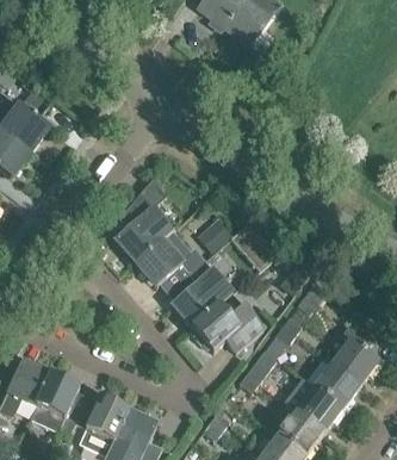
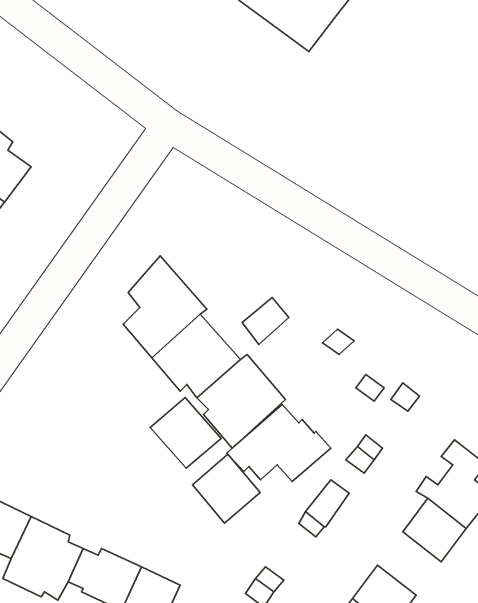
building: none -> [150,398,221,468]
building: none -> [193,454,260,523]
building: [297,385,342,430] -> none

